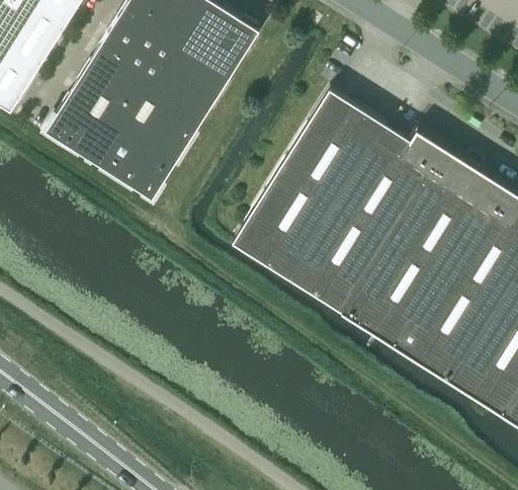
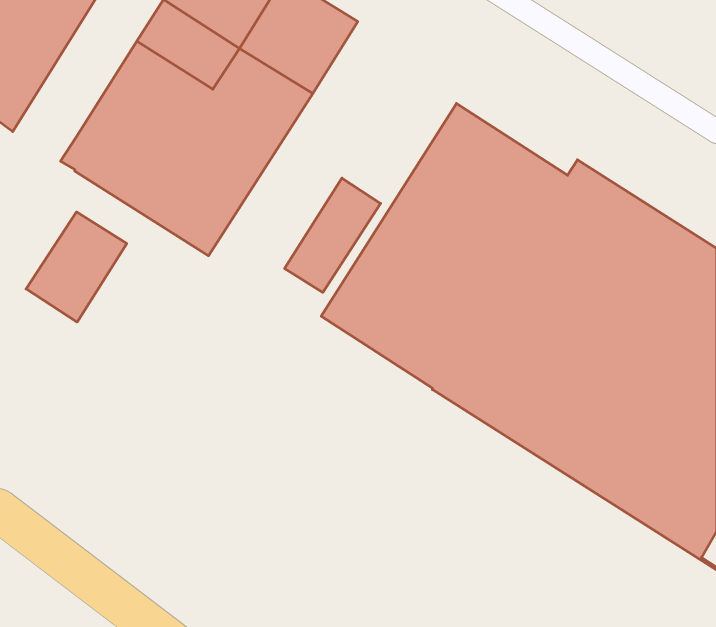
building: none -> [285,178,381,292]
building: none -> [26,212,127,322]

